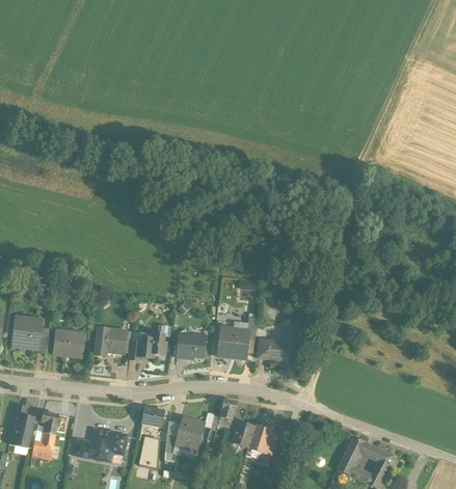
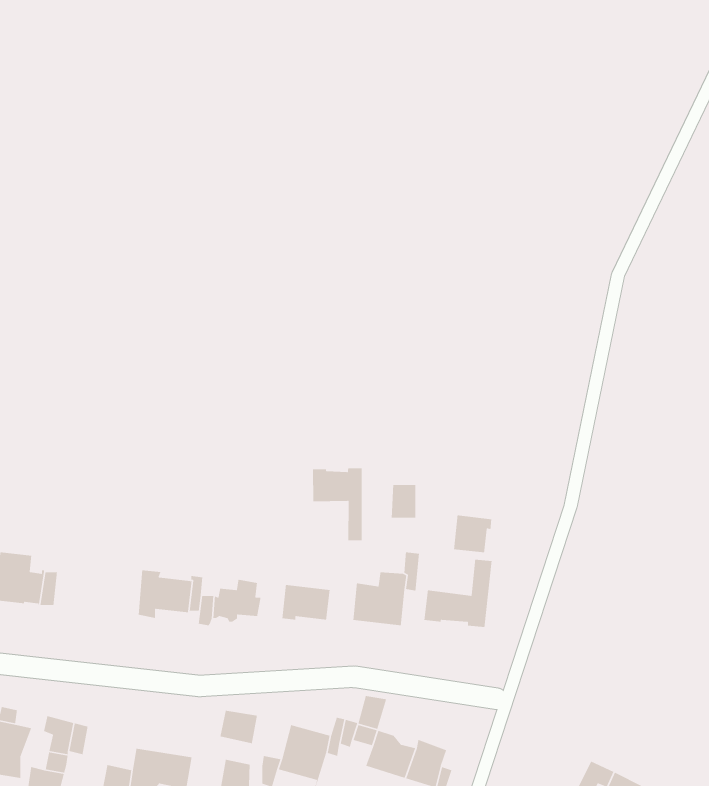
building: none -> [312,468,362,541]
building: none -> [453,515,492,553]
building: [52,331,84,356] -> none

